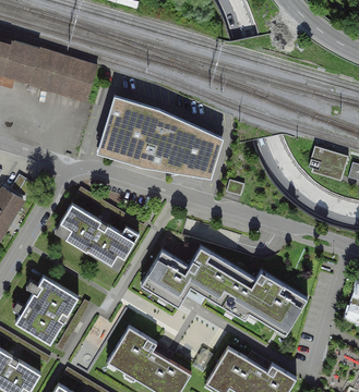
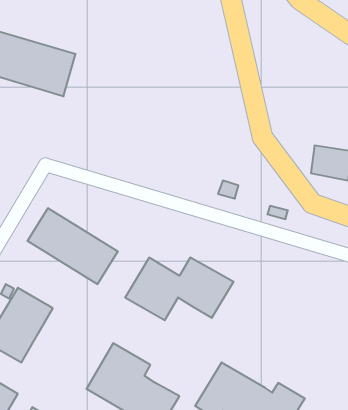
building: [97,95,224,177] -> none
building: [220,271,297,329] -> none

